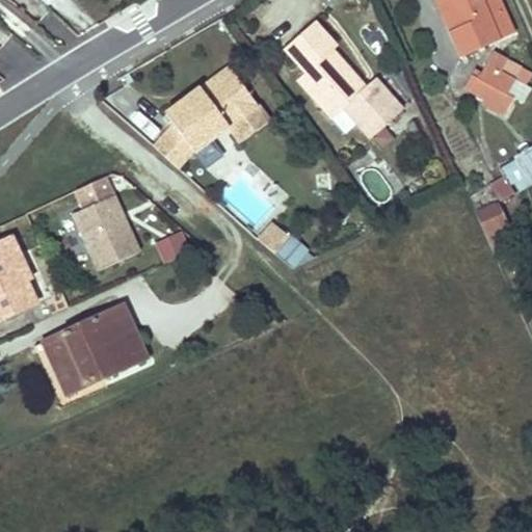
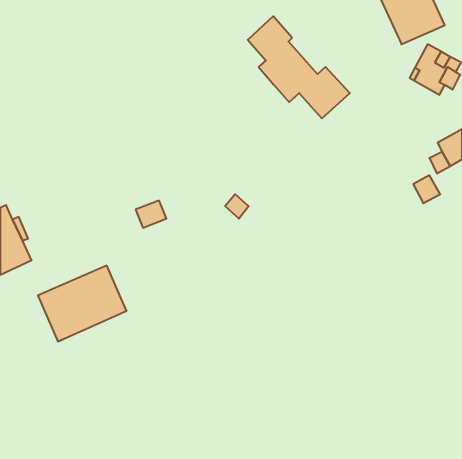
building: [153,65,269,166] -> none
building: [75,176,140,268] -> none

